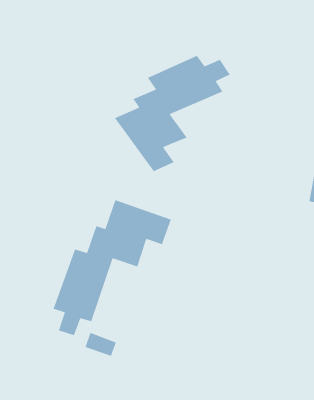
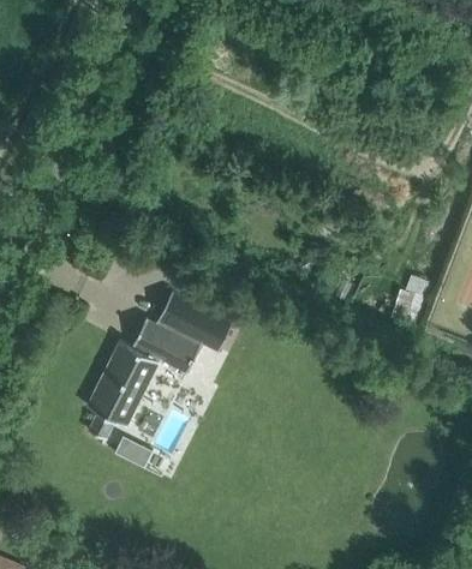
building: [114,55,231,172] -> none

